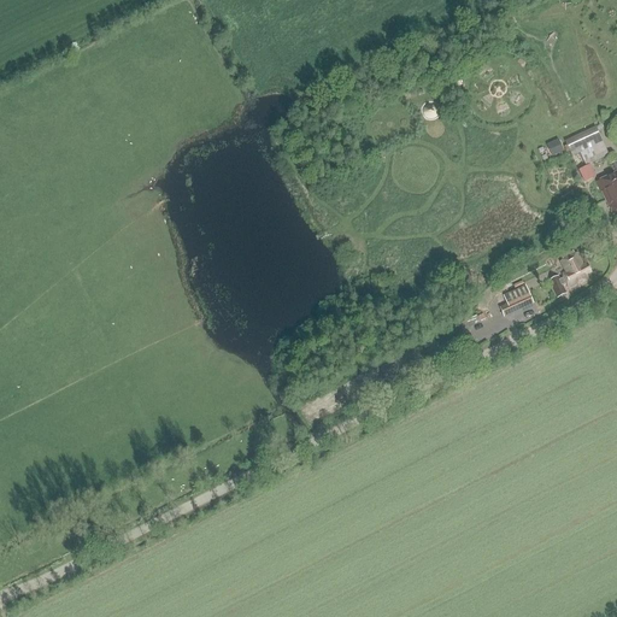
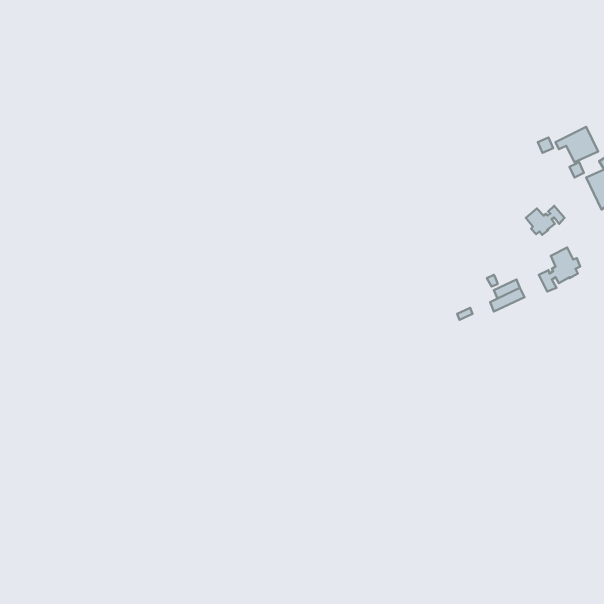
building: none -> [526,206,564,235]

